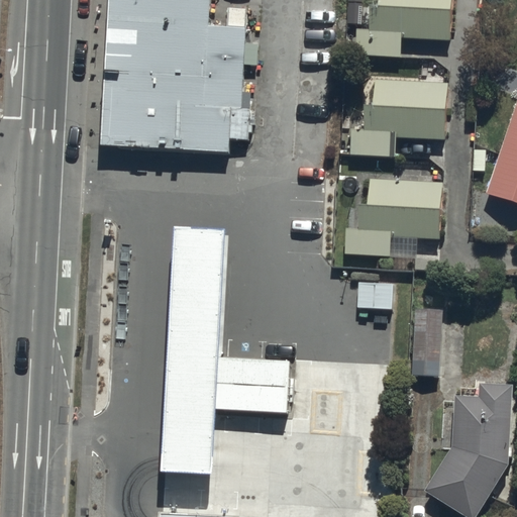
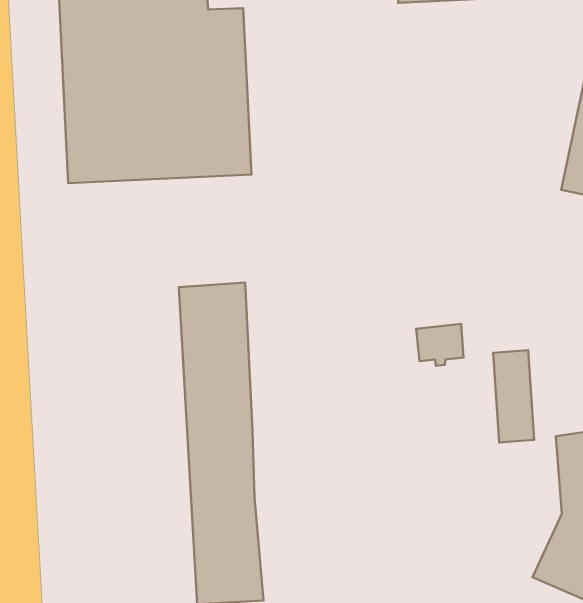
building: [364,78,448,139] -> none
building: [358,178,441,241] -> none
building: [215,354,289,412] -> none

